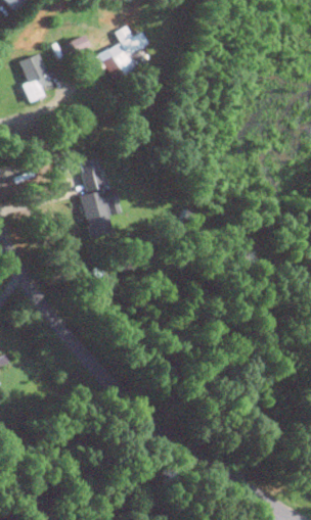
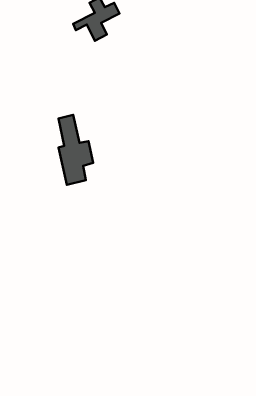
building: [19,53,52,103] -> none

